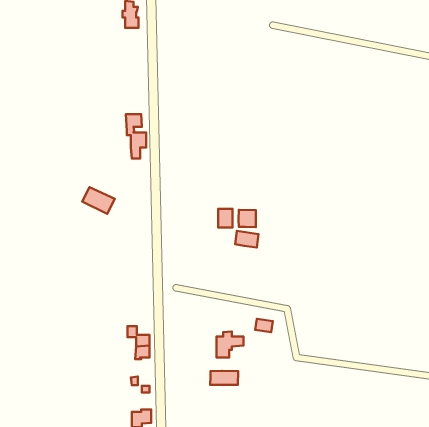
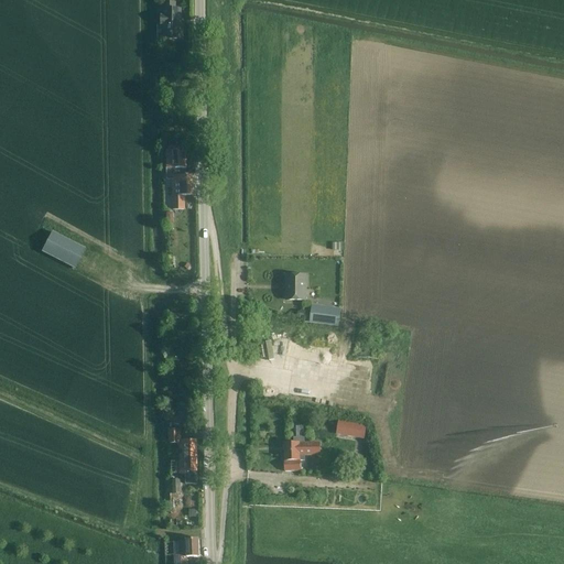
building: [82,187,115,214] -> [41,231,84,267]
building: [238,210,256,227] -> none
building: [210,371,238,385] -> none

